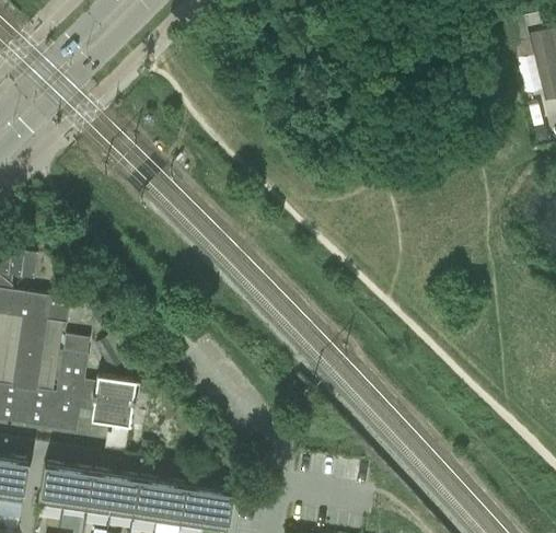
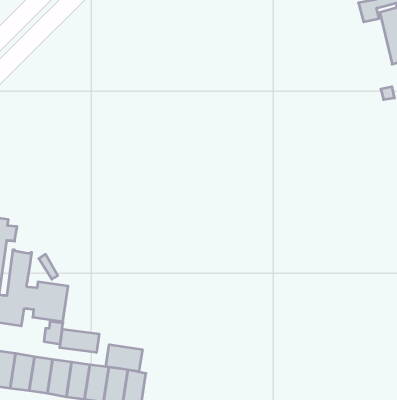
building: none -> [60,329,99,353]
building: none -> [106,345,142,372]

